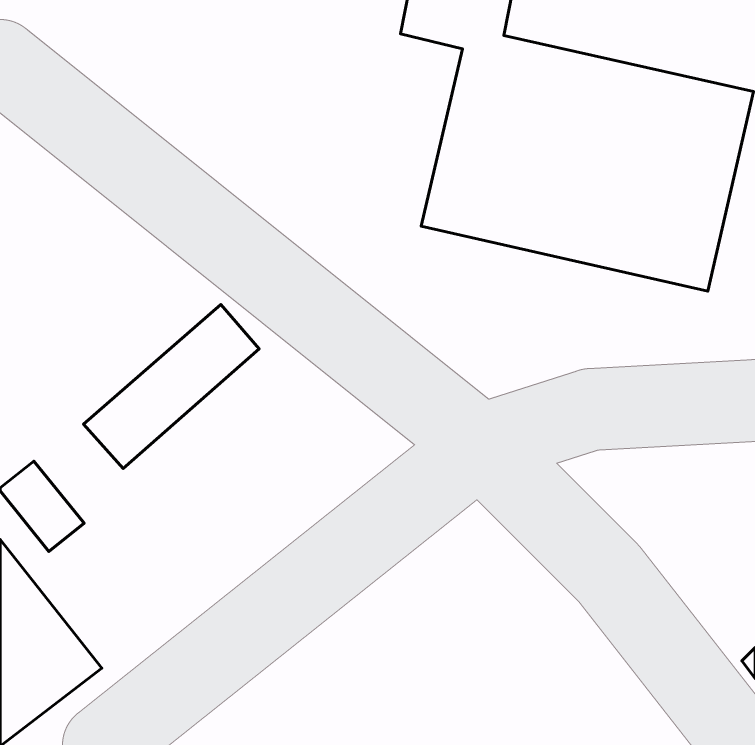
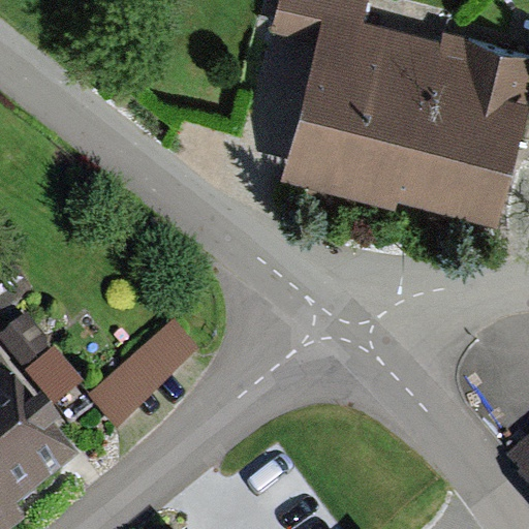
building: [83,304,259,469] -> [72,322,195,437]

